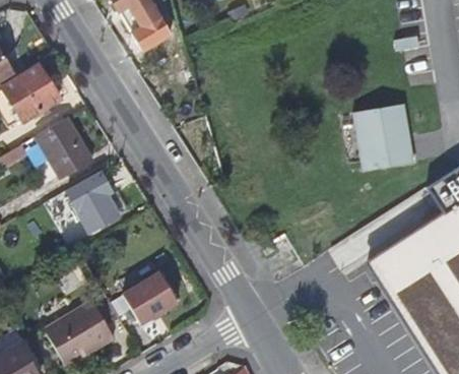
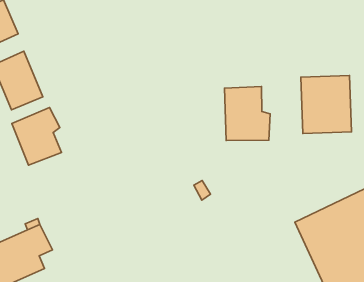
building: none -> [225,86,270,141]
building: [125,271,181,323] -> none

